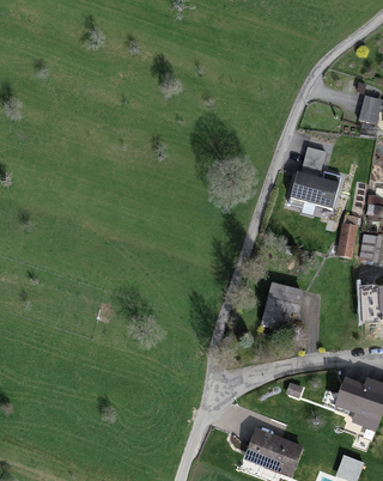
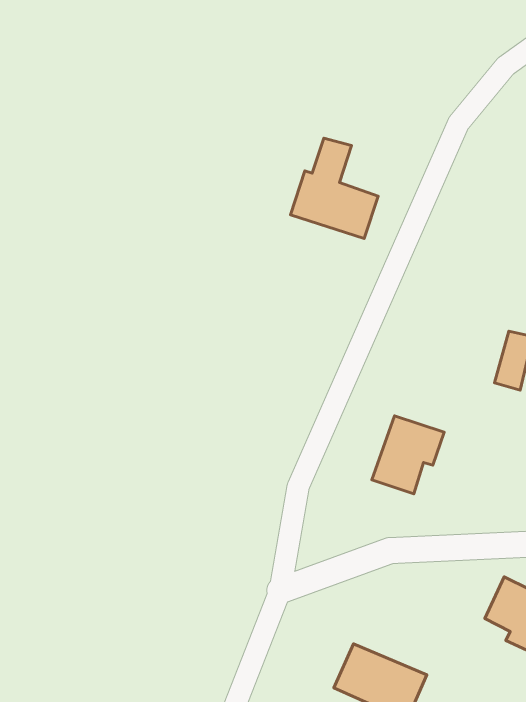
building: [288,147,344,209] -> [291,138,378,238]

